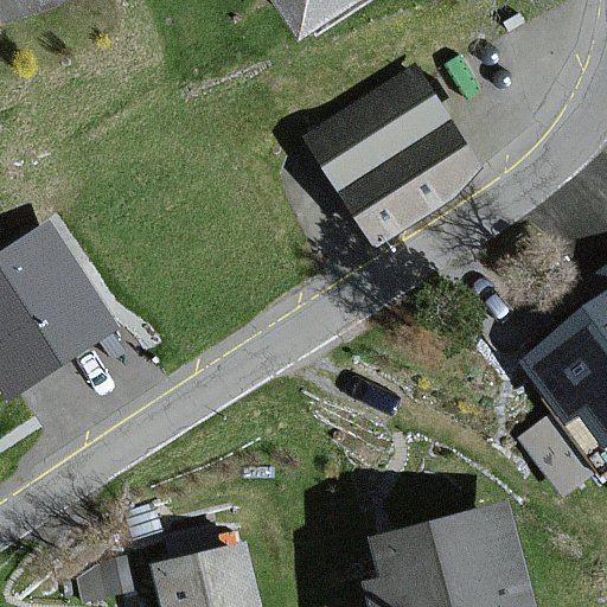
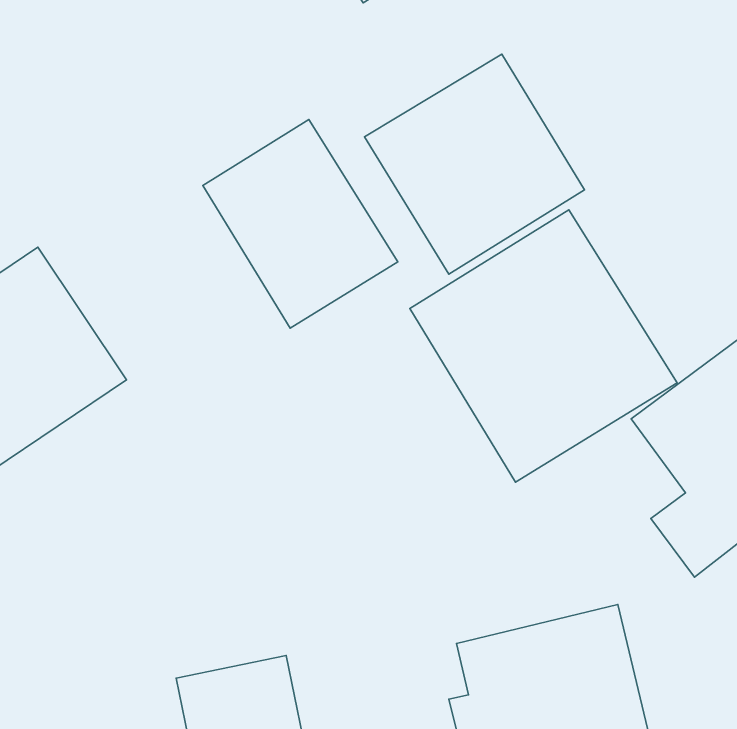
building: none -> [203,120,398,328]
building: none -> [410,210,677,482]

